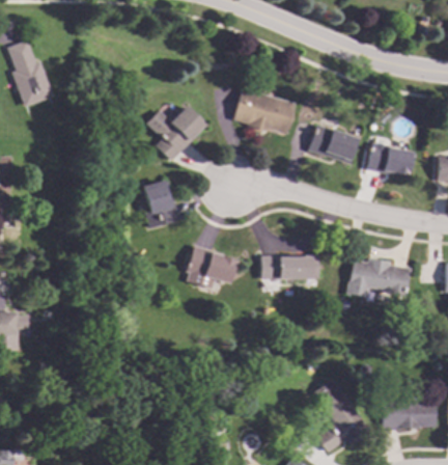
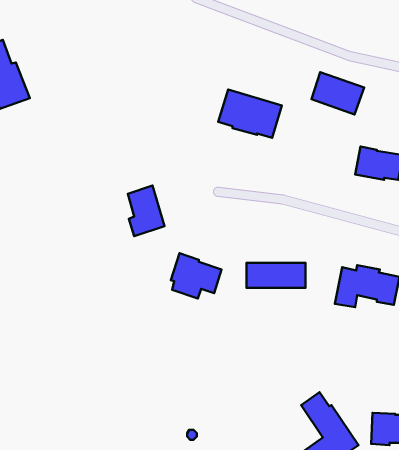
building: [150,107,207,161] -> none
building: [308,125,359,165] -> [311,72,364,114]

